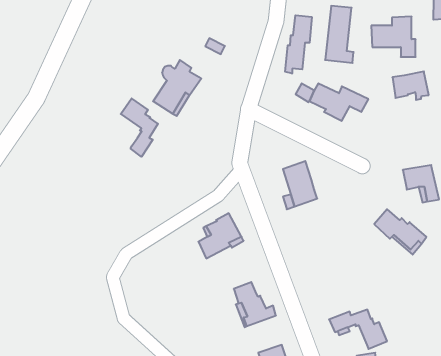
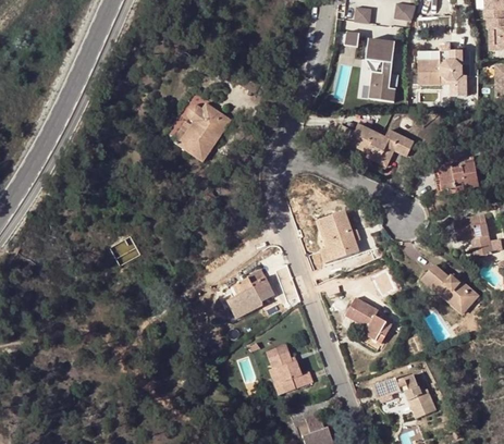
building: [285,15,312,74] -> none
building: [392,71,429,100] -> [439,160,479,192]
building: [121,98,158,157] -> none
building: none -> [345,297,392,341]

